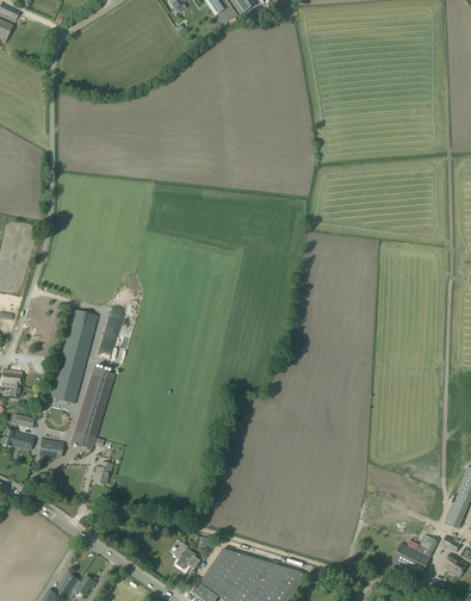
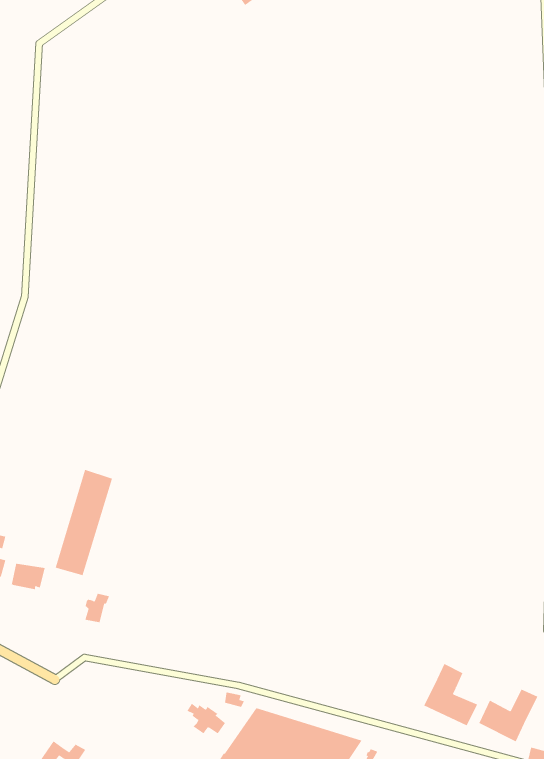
building: [50,310,97,403] -> none
building: none -> [423,663,478,726]

